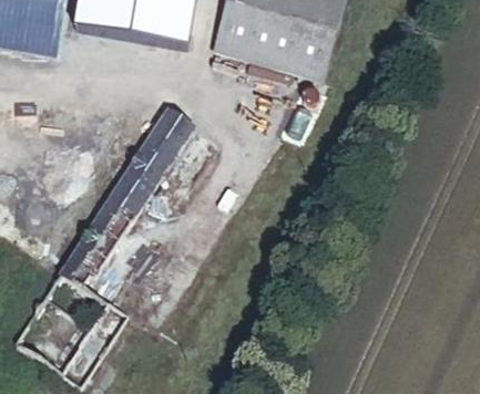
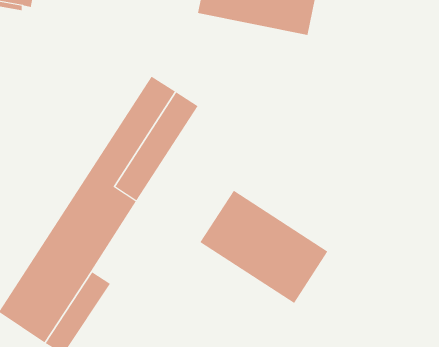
building: none -> [200,190,328,304]

